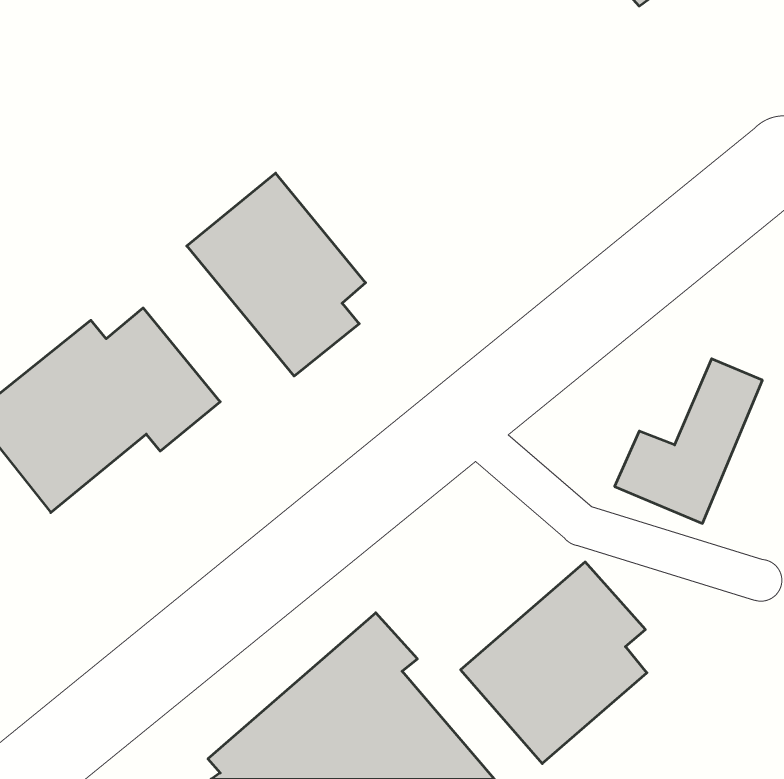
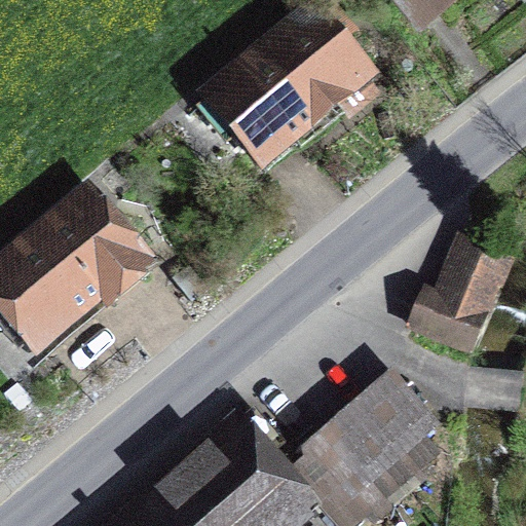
building: none -> [208,9,363,168]
building: [187,173,366,376] -> none

